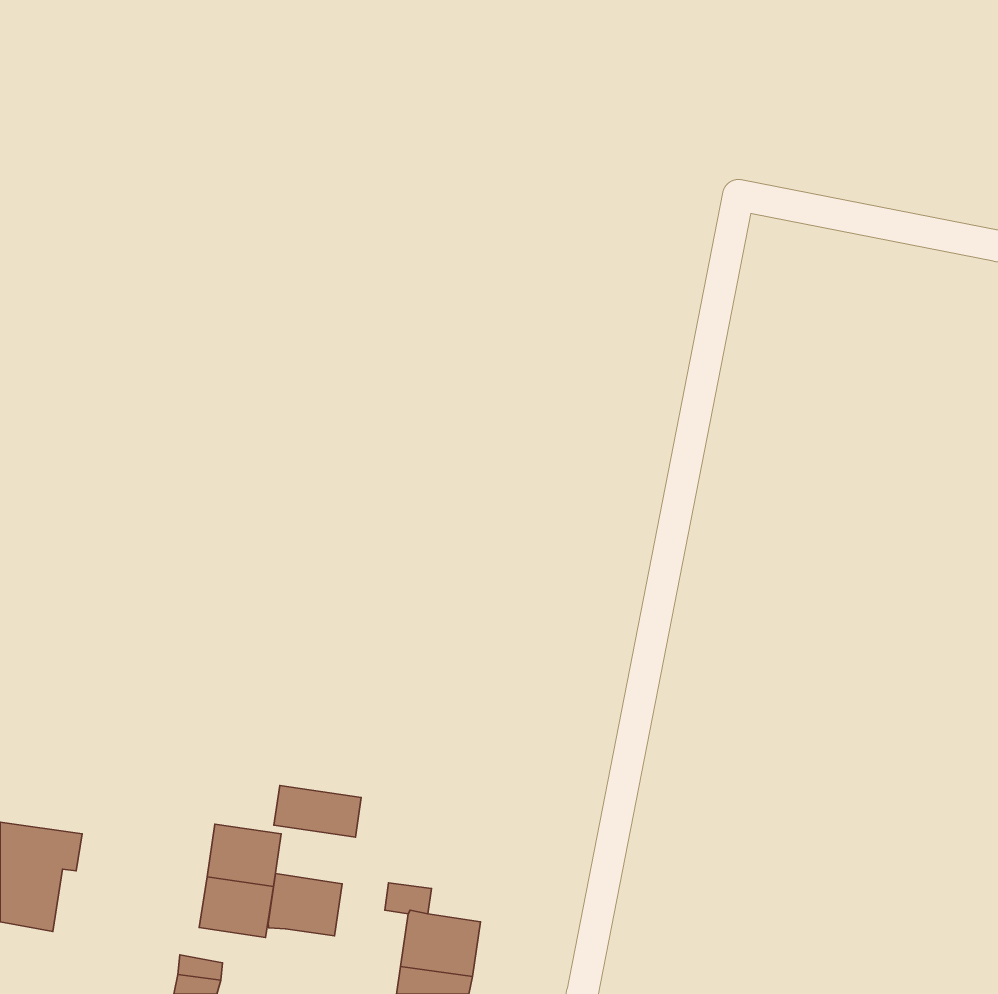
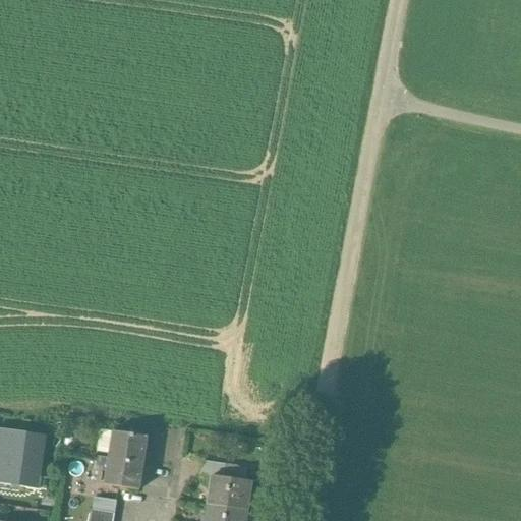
building: [274,785,361,837] -> none
building: [268,874,342,936] -> none

